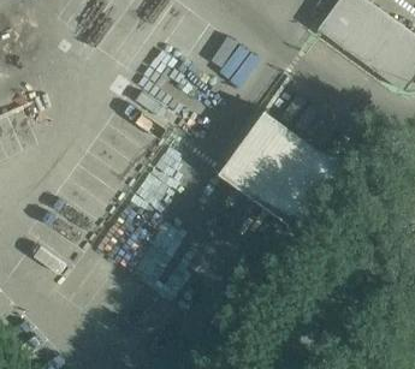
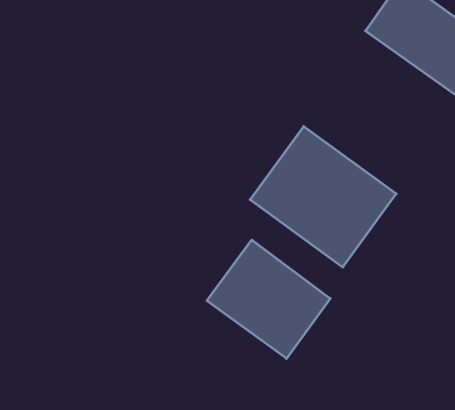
building: none -> [207,240,330,359]

